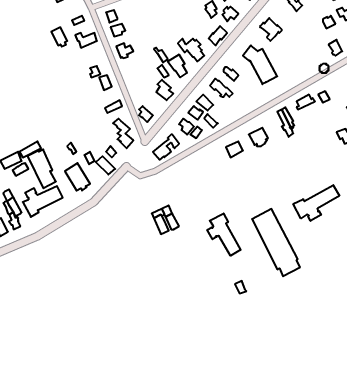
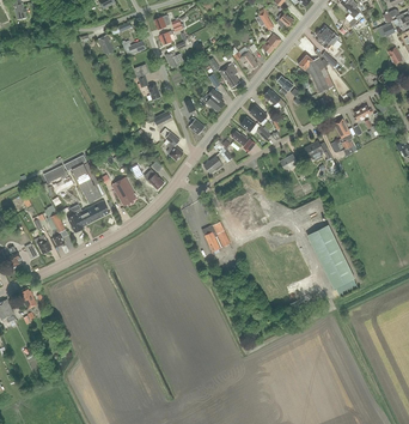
building: [293,185,339,221] -> none
building: [207,213,241,256] -> none

